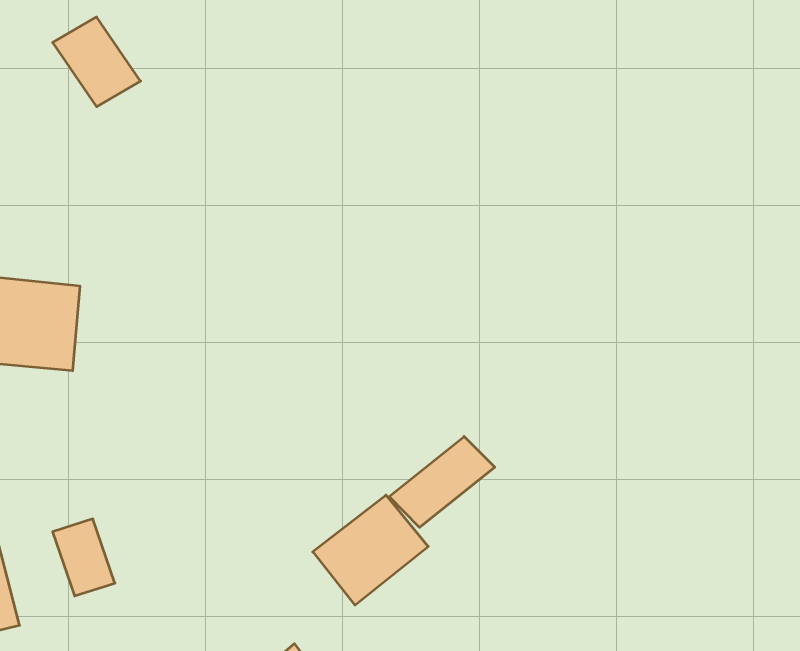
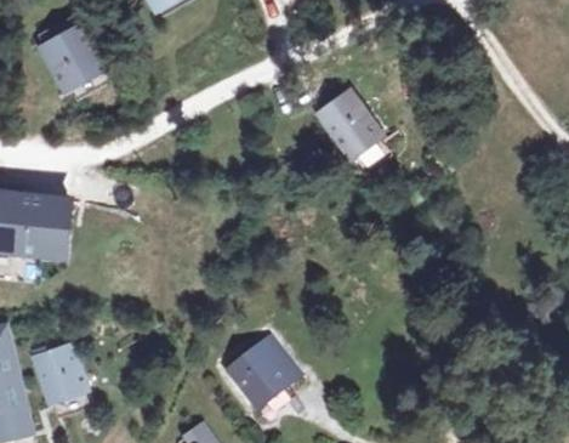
building: none -> [324,89,382,152]
building: [389,436,495,527] -> none

